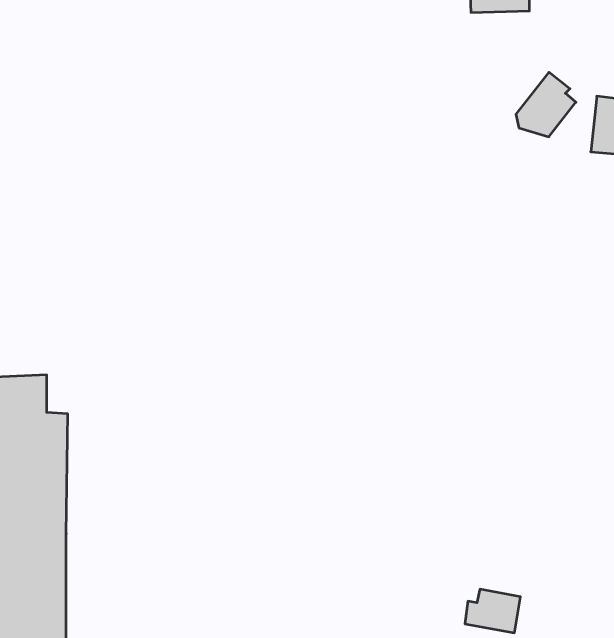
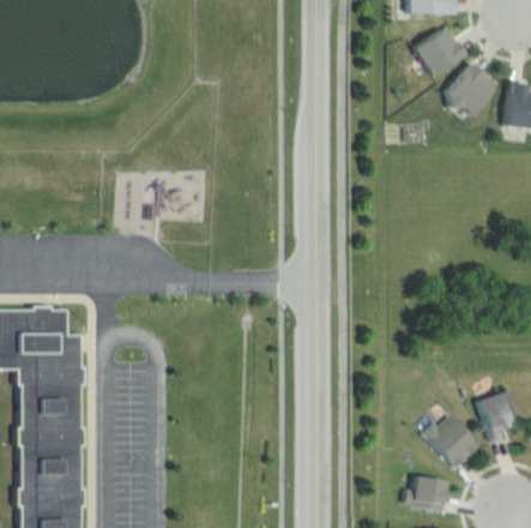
building: none -> [411,25,464,77]
building: none -> [475,391,517,445]
building: none -> [422,415,478,469]

